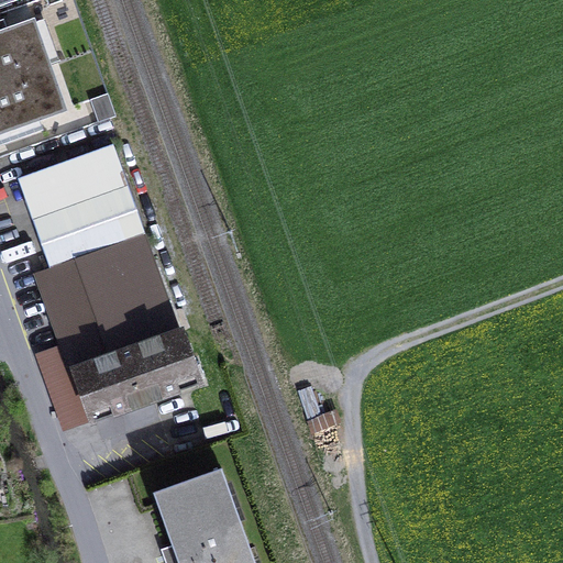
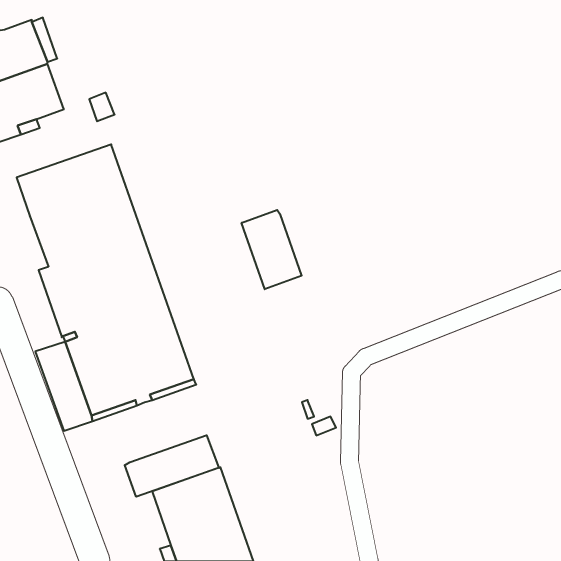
building: none -> [242,210,302,289]
building: none -> [125,435,219,497]

